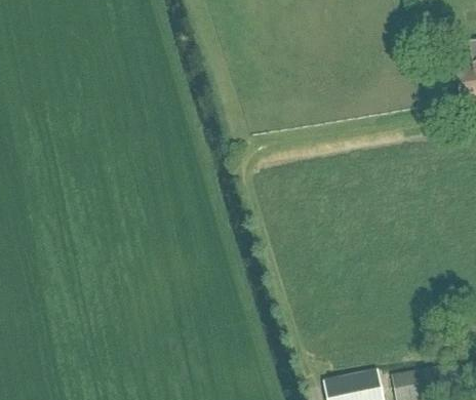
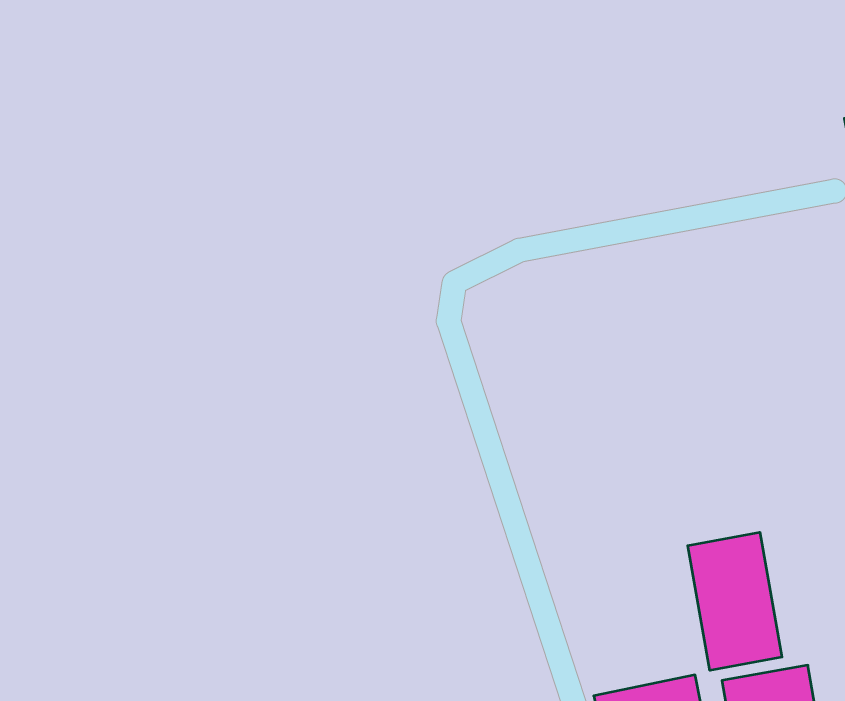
building: none -> [688,532,782,670]

